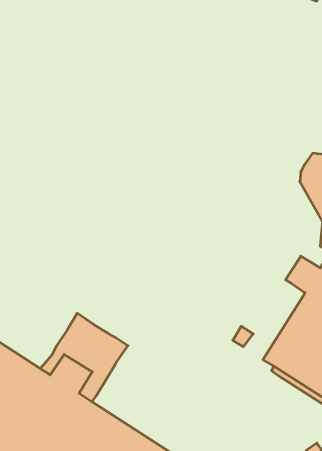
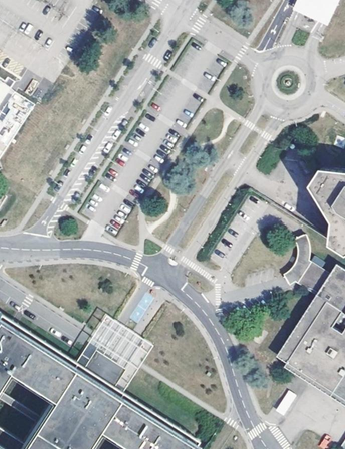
building: none -> [285,236,313,287]

